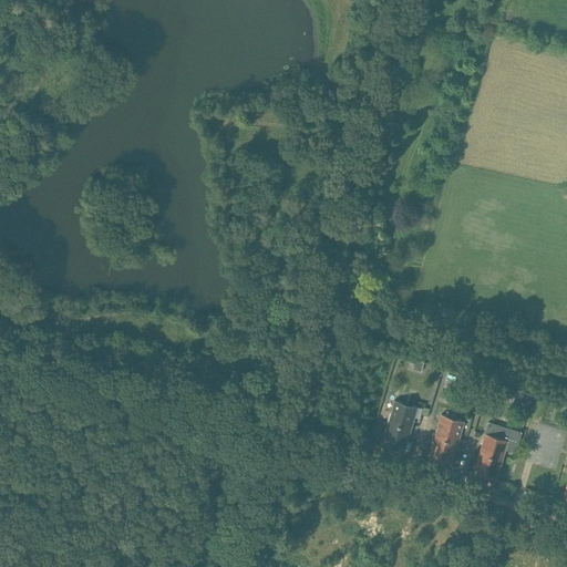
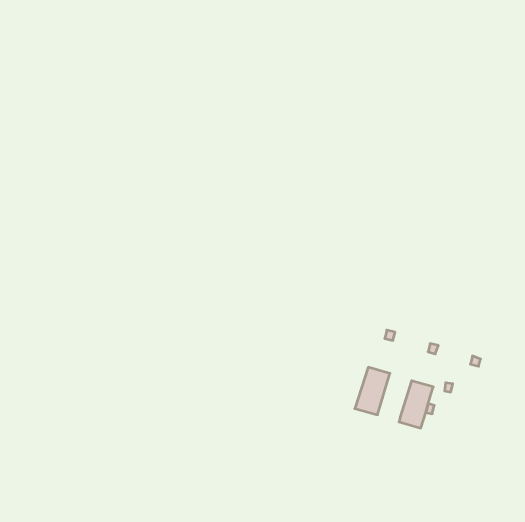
building: [476,427,512,474] -> none

